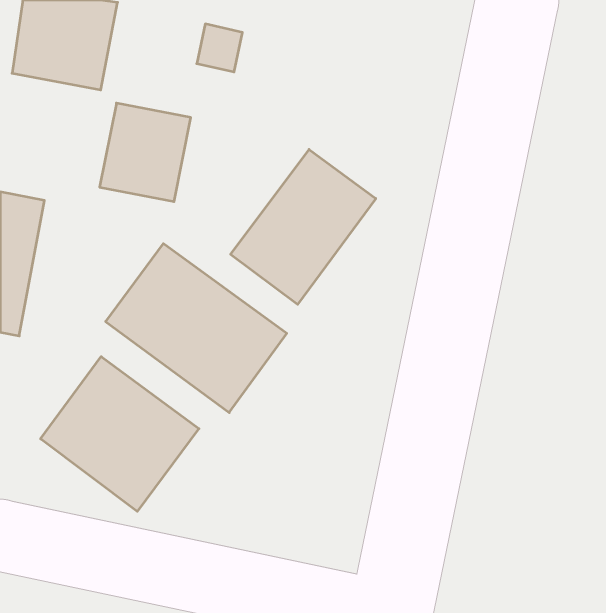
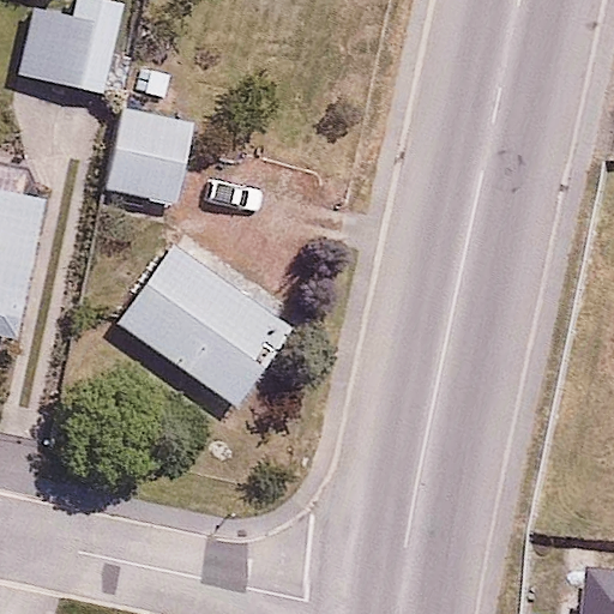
building: [231,149,376,304] -> none
building: [41,357,199,511] -> none

